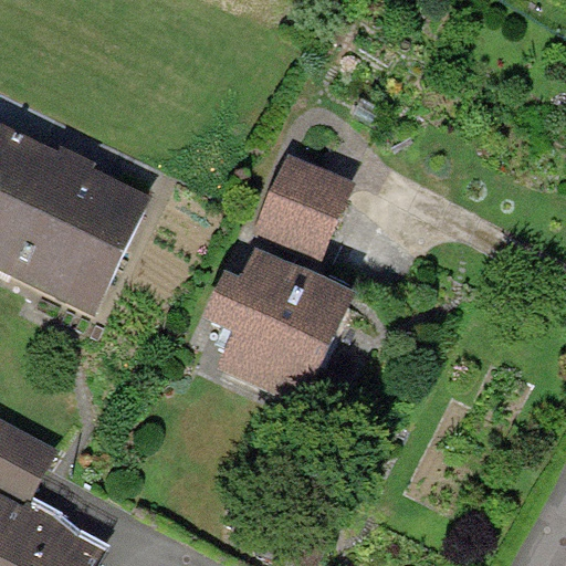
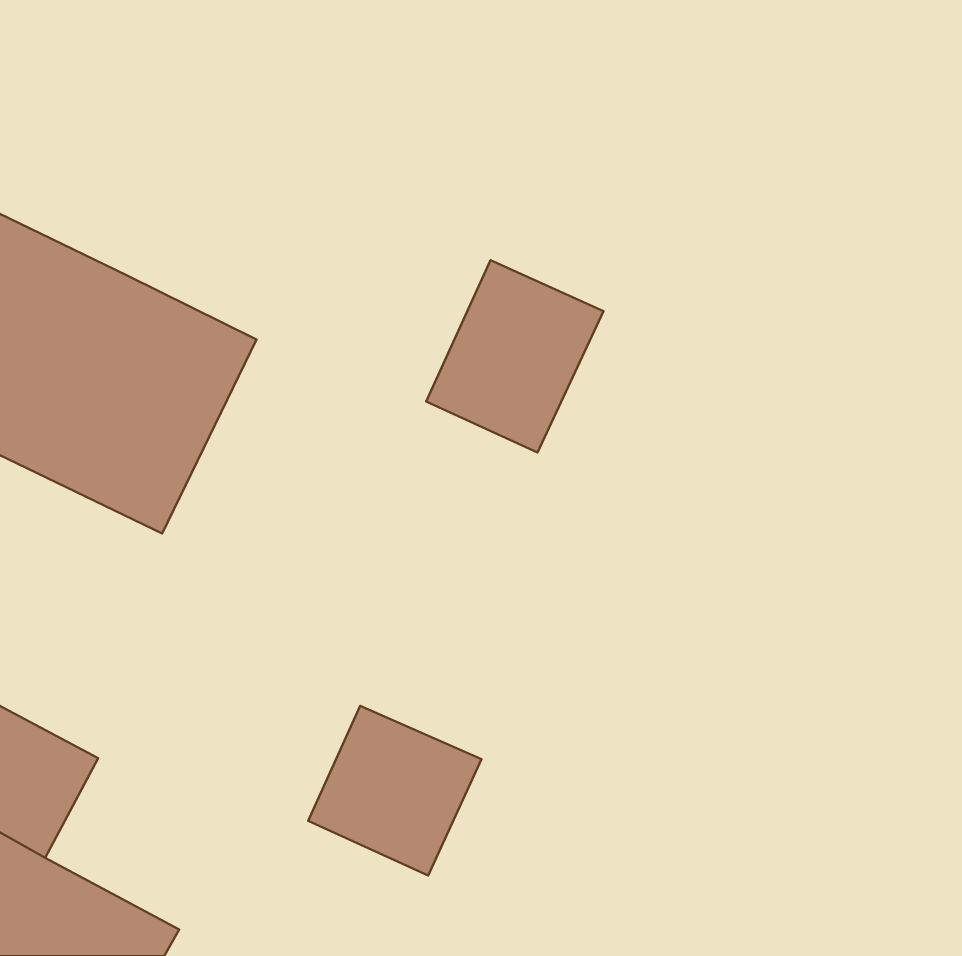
building: [205,248,354,407] -> none
building: none -> [308,706,482,876]

